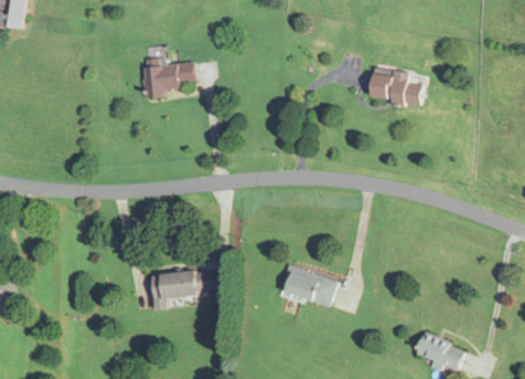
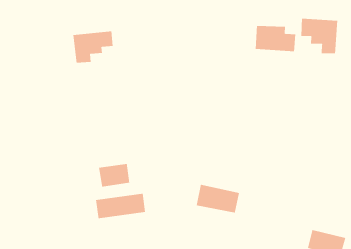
building: none -> [301,18,338,54]
building: none -> [98,163,130,187]

